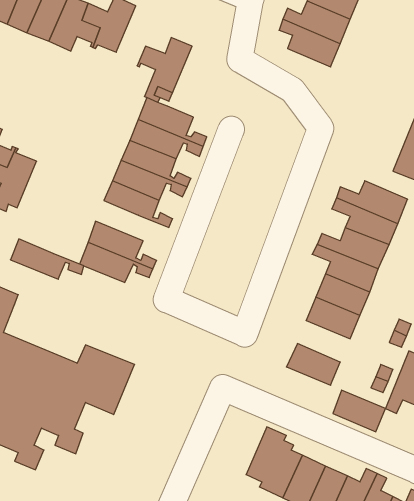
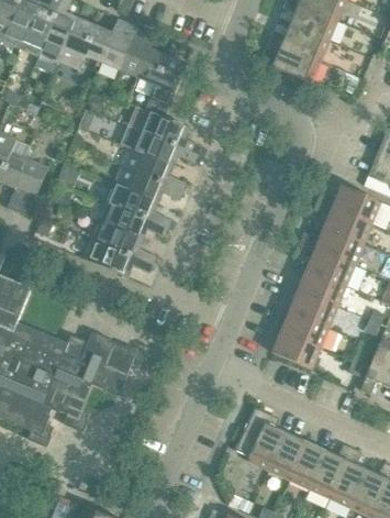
building: none -> [119,27,168,81]
building: [10,239,84,279] -> [100,202,166,239]
building: [333,390,386,432] -> [281,310,328,348]

